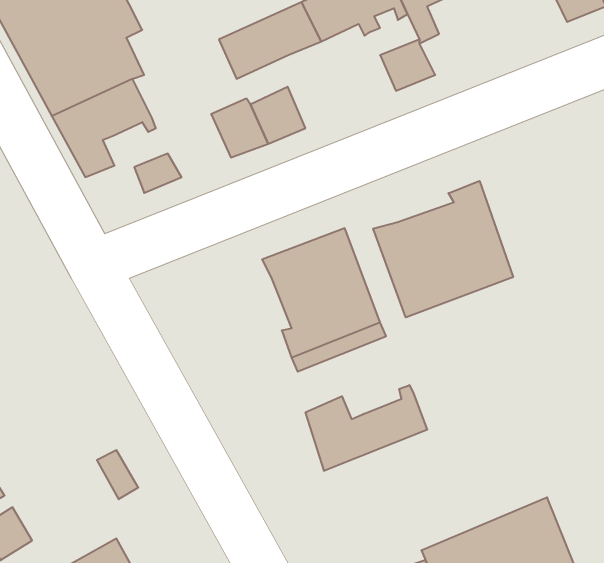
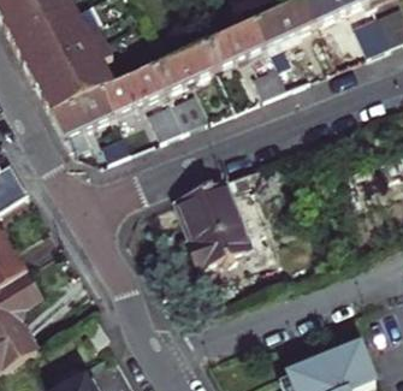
building: none -> [103,63,167,111]
building: [373,181,513,317] -> none
building: [306,385,427,471] -> none

